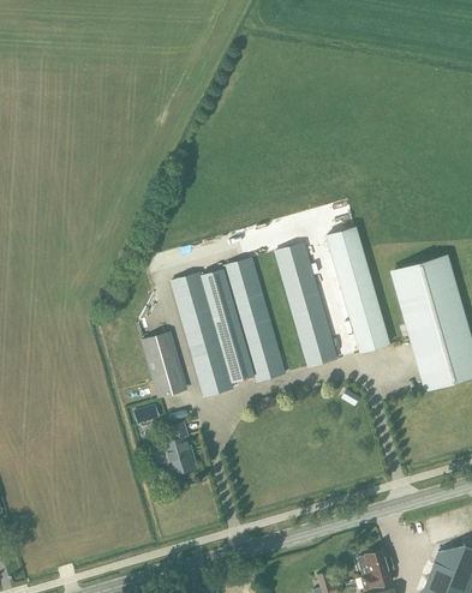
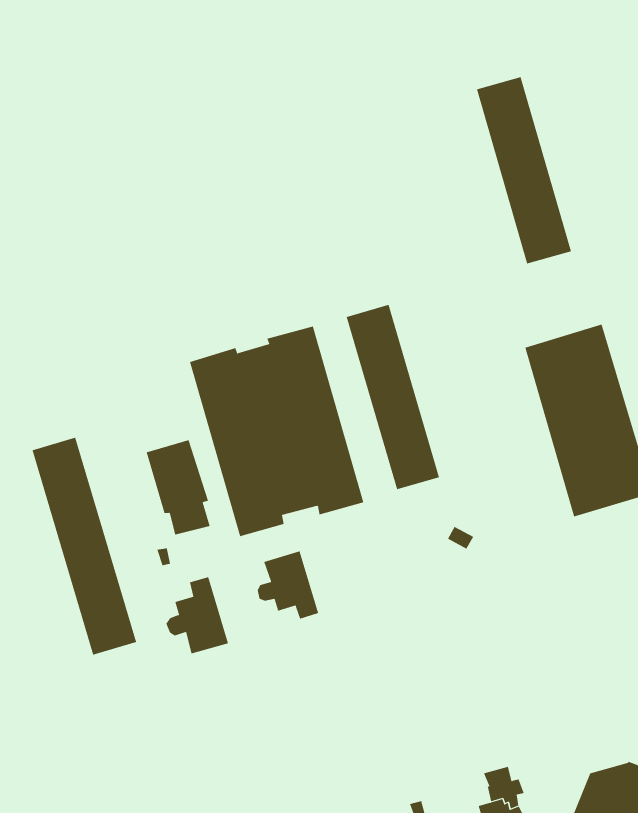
building: [325,227,389,352] -> [476,76,572,264]
building: none -> [32,437,137,656]
building: none -> [257,550,319,620]

